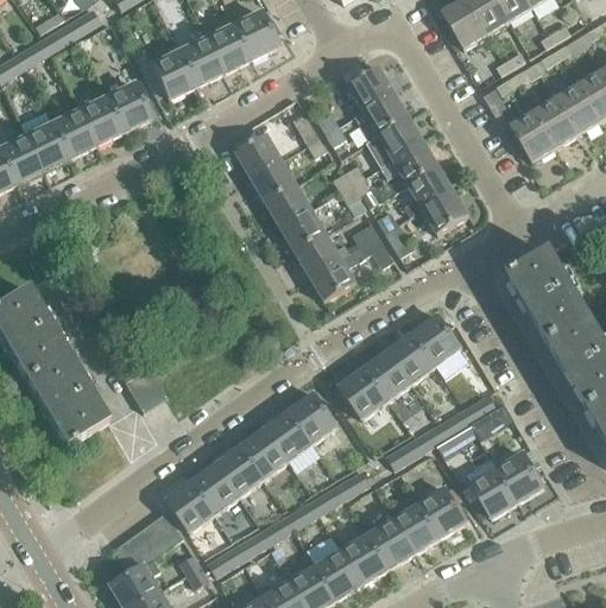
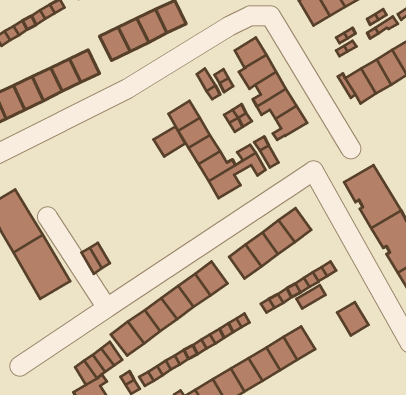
building: [235,133,282,177] -> [154,126,185,156]
building: [422,190,468,233] -> none
building: [472,468,518,518] -> none

